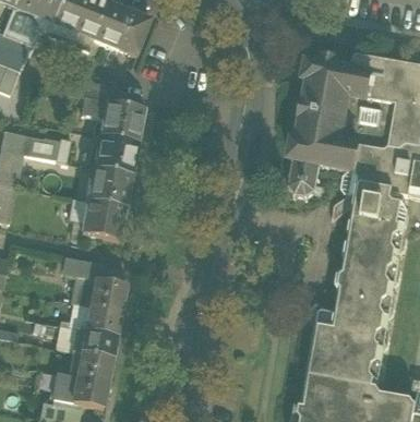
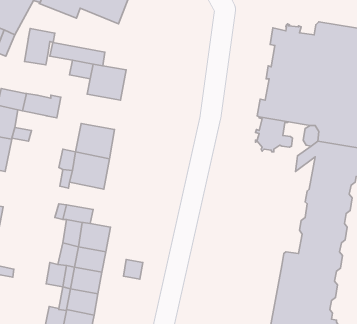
building: none -> [24,29,55,65]
building: [94,133,137,172] -> none

